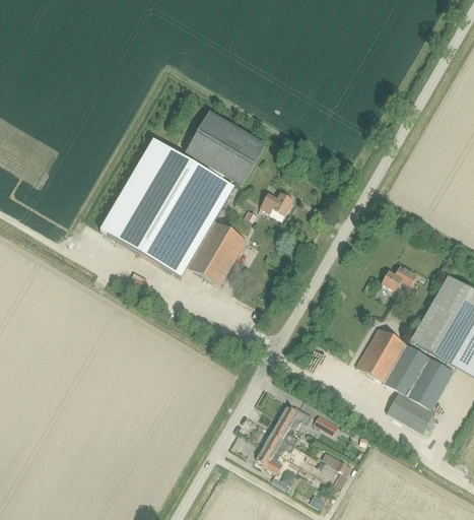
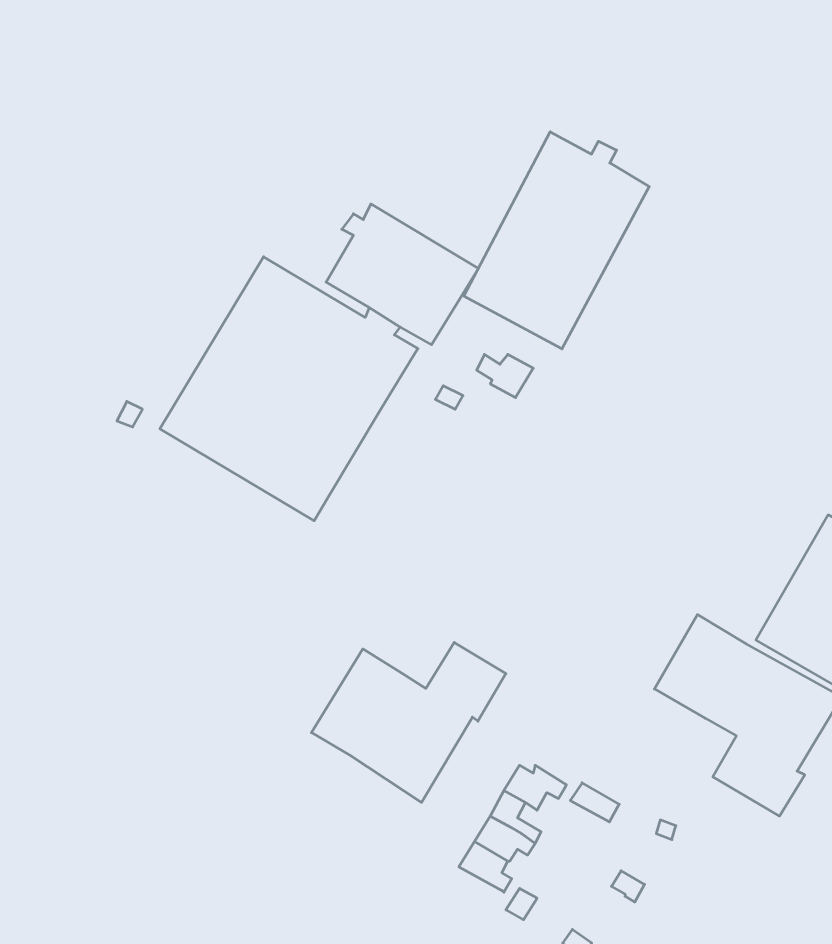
building: none -> [464,132,649,349]
building: [187,220,246,285] -> none
building: [381,264,416,289] -> none
building: none -> [311,642,506,802]

